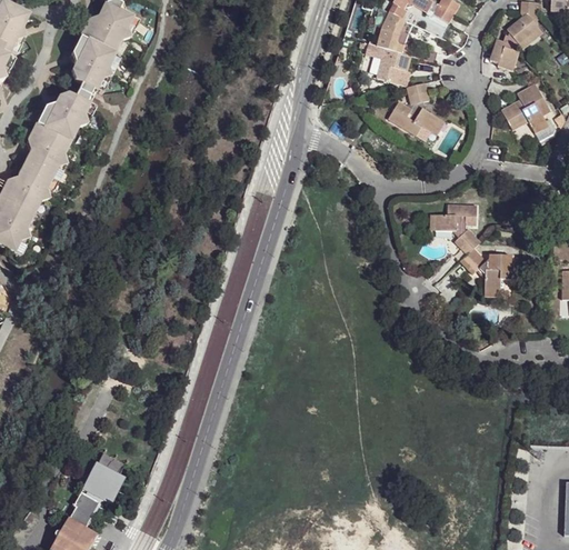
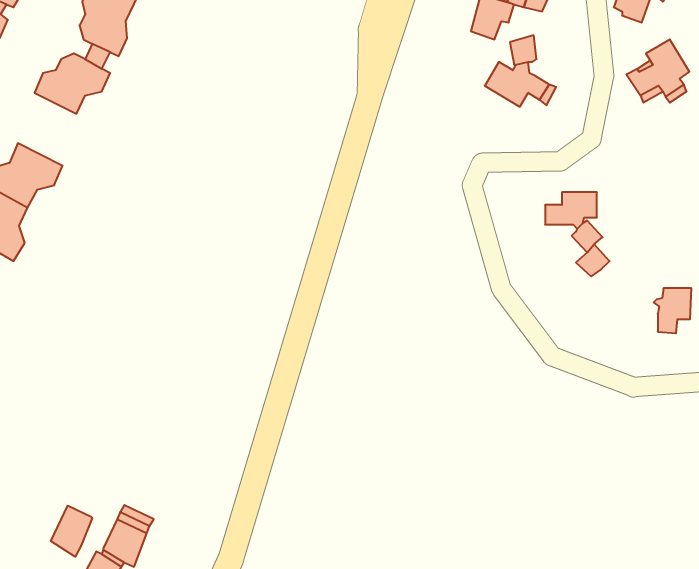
building: [18,127,64,184] -> none
building: [482,253,512,289] -> [654,288,691,333]
building: none -> [51,506,92,557]

